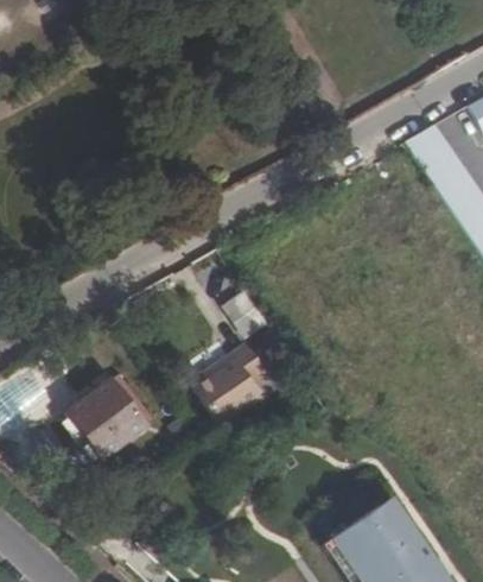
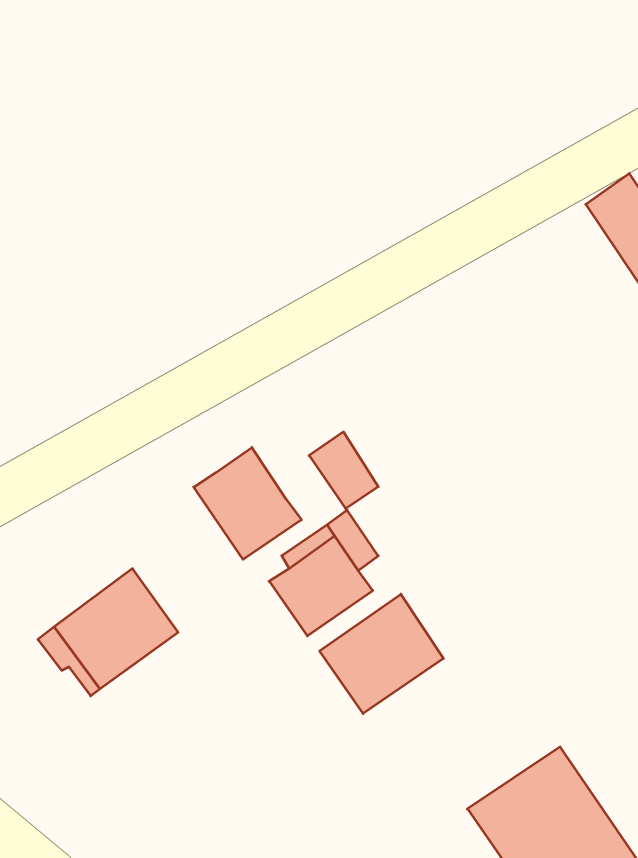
building: none -> [194,447,301,559]
building: none -> [320,594,443,714]

